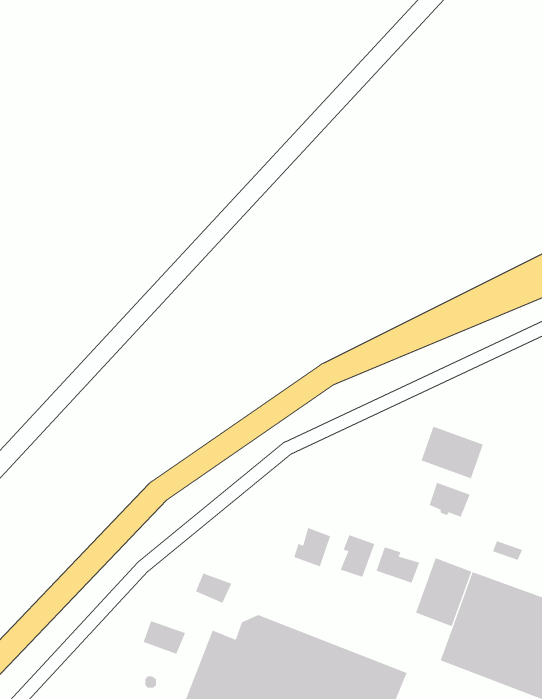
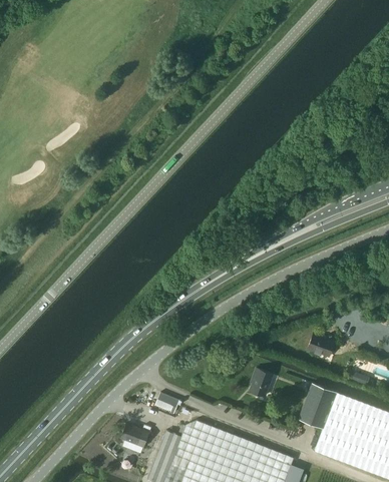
building: [421,426,483,479] -> none
building: [294,527,331,567] -> none
building: [376,547,420,583] -> none

